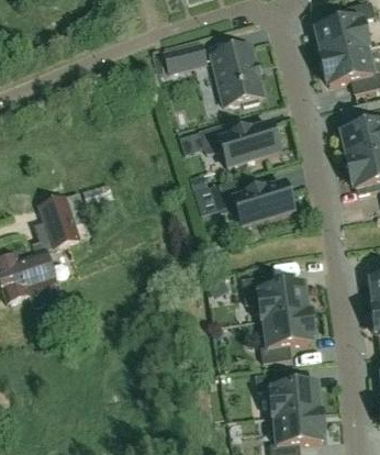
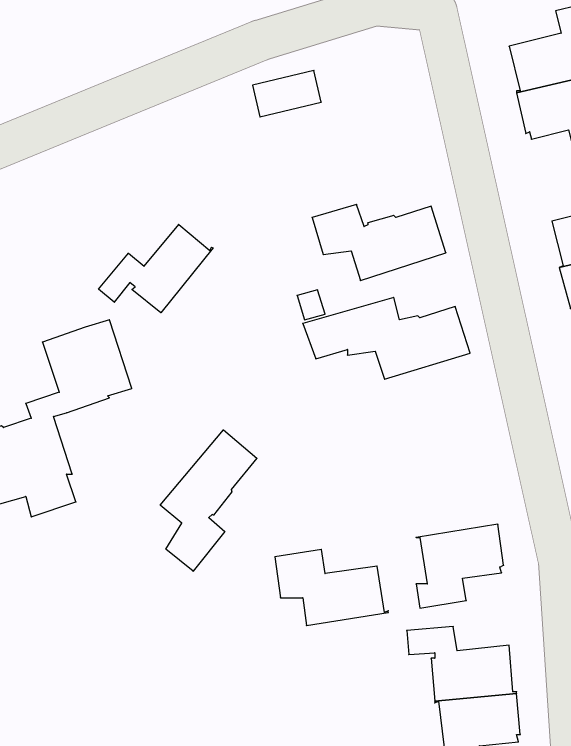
building: [211,46,264,107] -> none
building: none -> [99,224,213,313]
building: none -> [160,430,257,571]
building: [243,276,310,321] -> [275,549,388,626]

